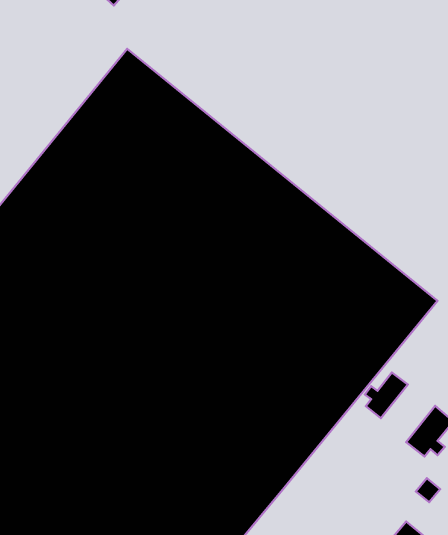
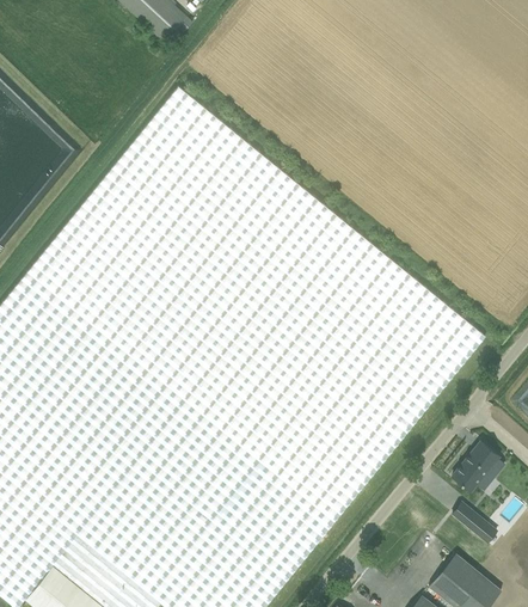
building: [365,373,408,418] -> none

